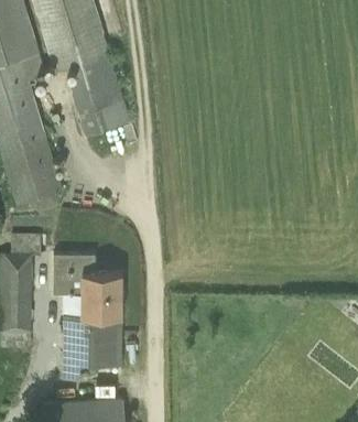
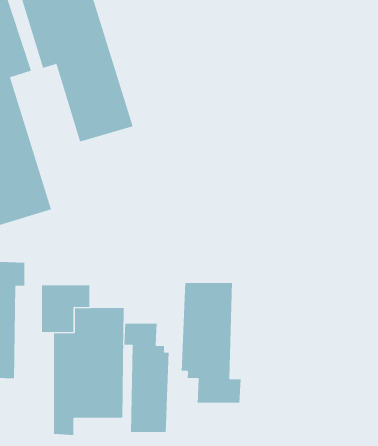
building: none -> [181,282,241,404]
building: none -> [124,323,169,433]

